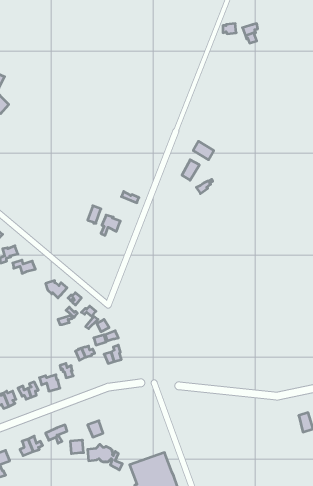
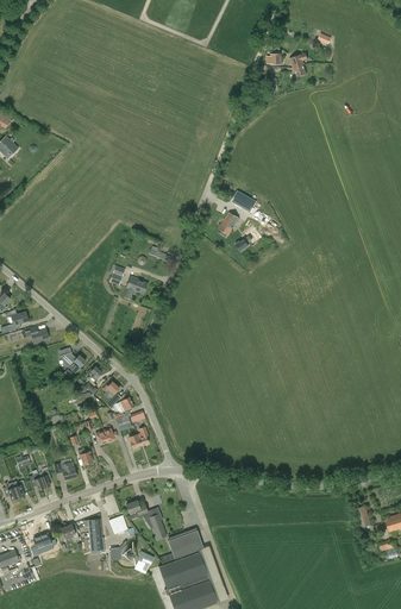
building: none -> [126,501,167,540]
building: none -> [158,530,203,564]

